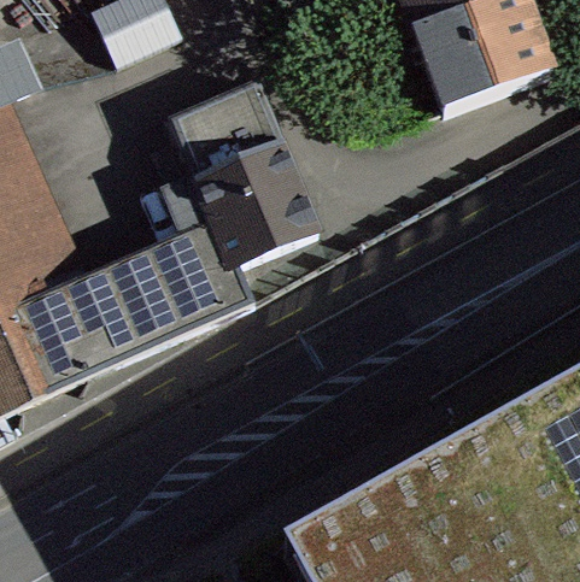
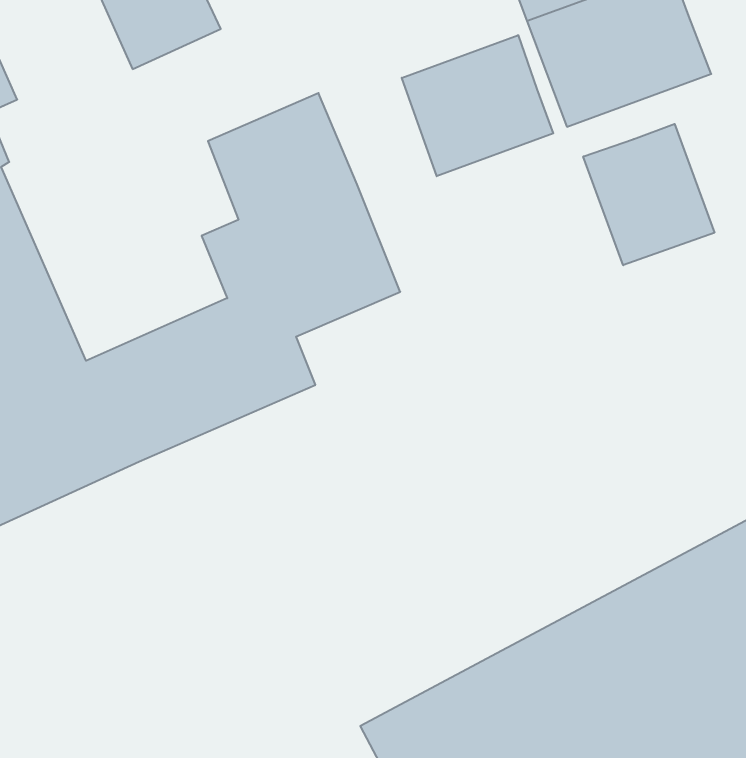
building: none -> [402,35,553,176]
building: none -> [583,124,714,265]

